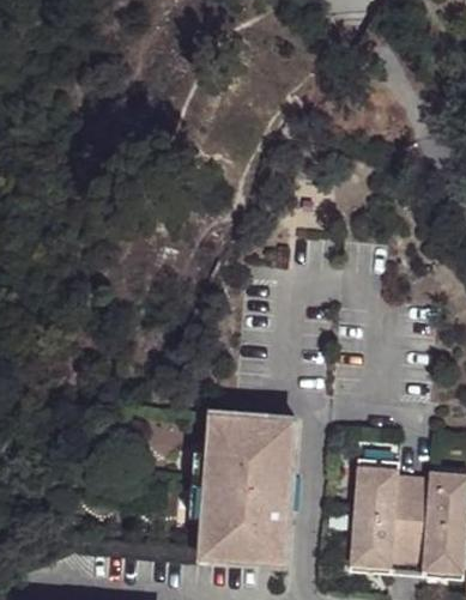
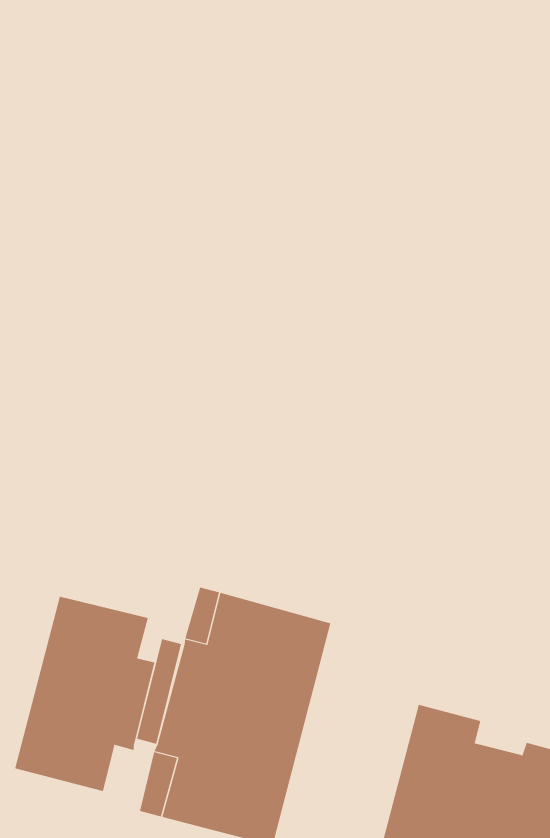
building: none -> [15,596,155,792]

